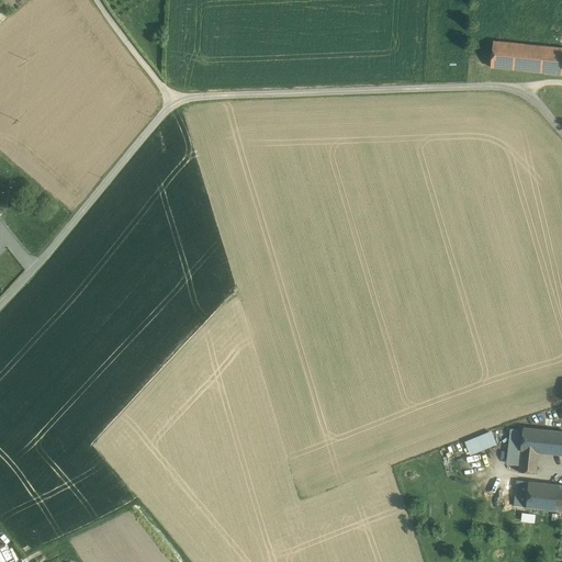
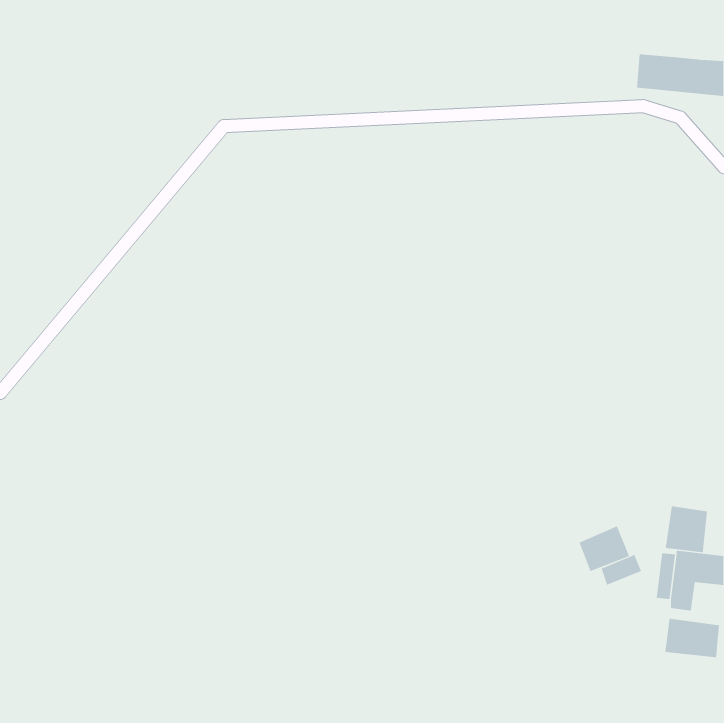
building: none -> [665,505,708,553]
building: none -> [579,526,630,572]

